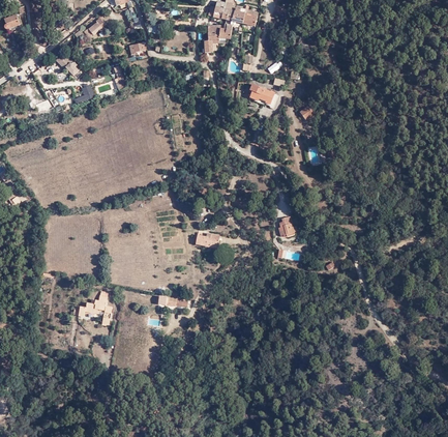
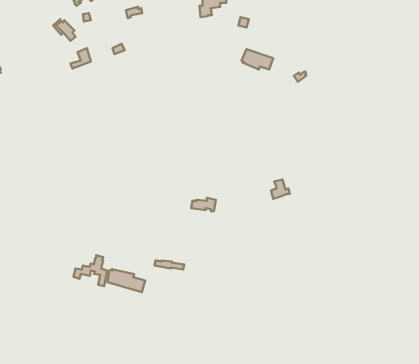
building: none -> [108,269,145,292]

